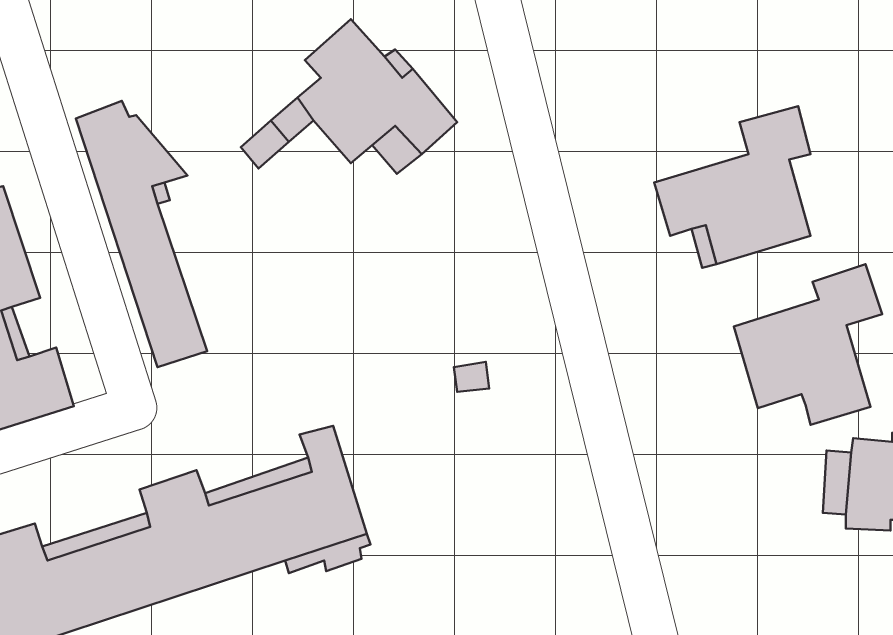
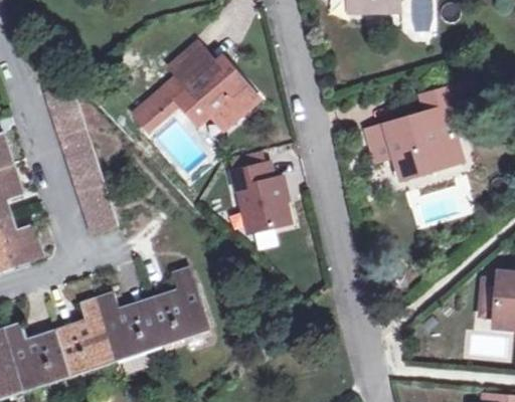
building: none -> [231,161,290,229]
building: [734,264,882,425] -> none

